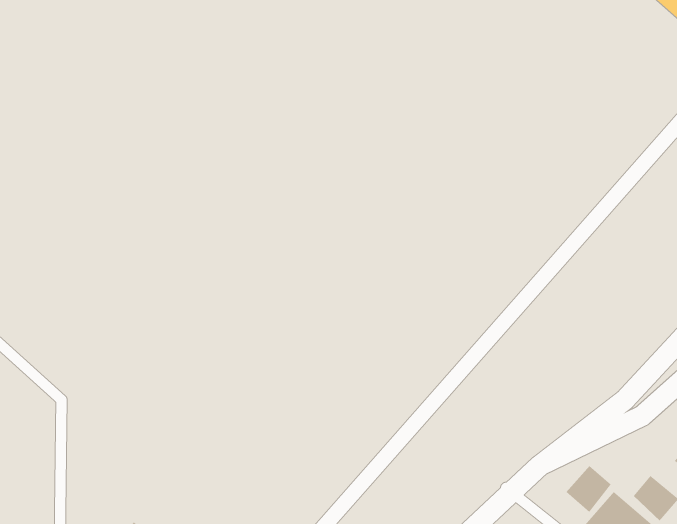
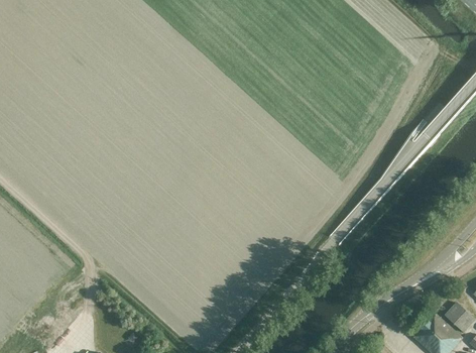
building: [565,465,611,513] -> none

